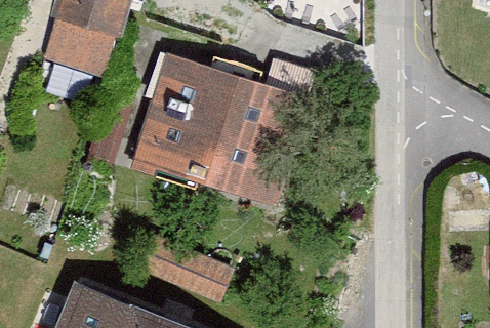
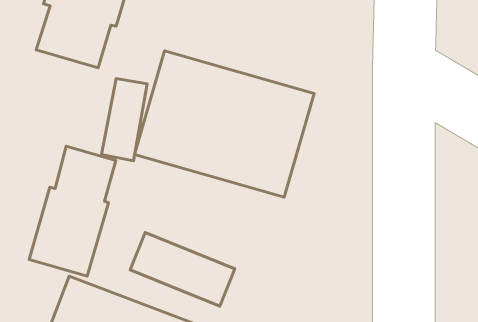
building: none -> [29,146,116,276]

